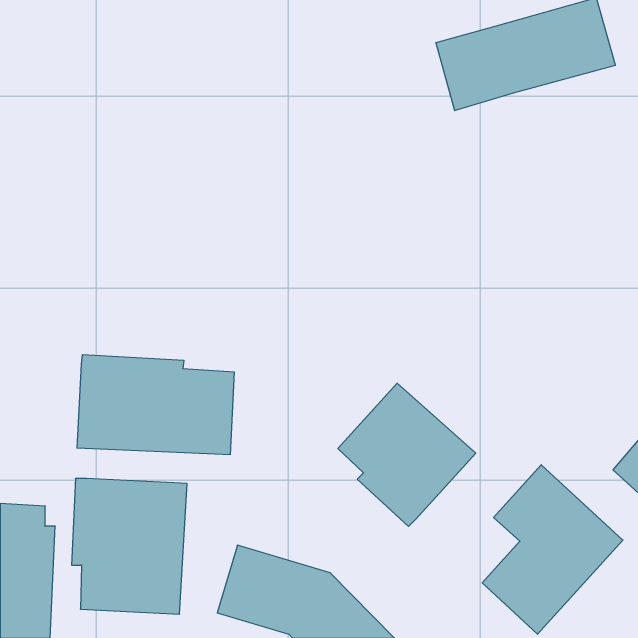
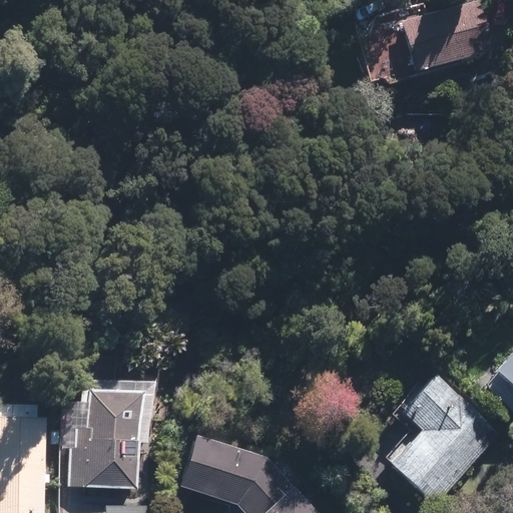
building: [77,355,234,455] -> none
building: [338,383,476,526] -> none

